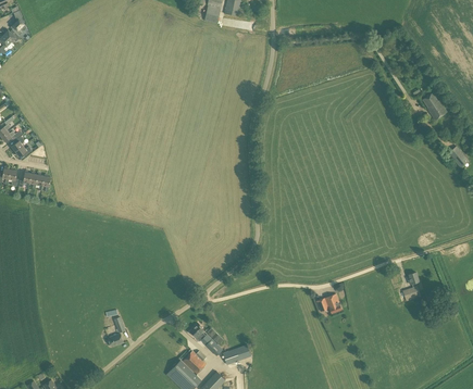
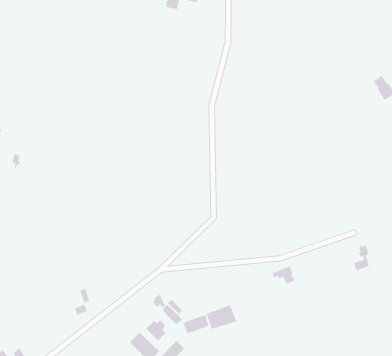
building: none -> [206,305,237,330]

